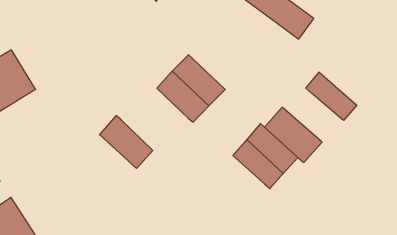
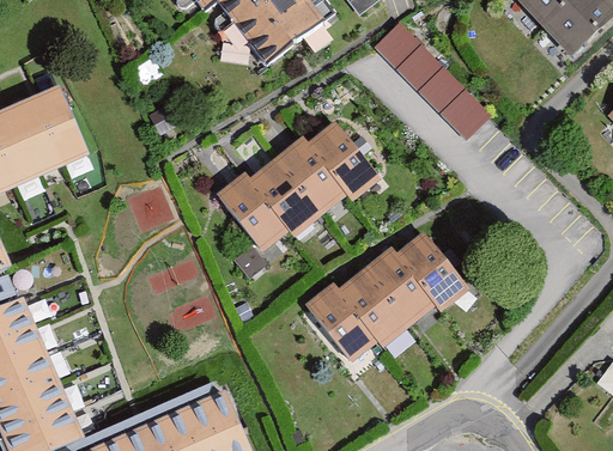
building: none -> [306,123,377,200]
building: [306,72,357,120] -> none
building: [99,116,153,168] -> [217,171,287,249]
building: none -> [304,280,380,359]

